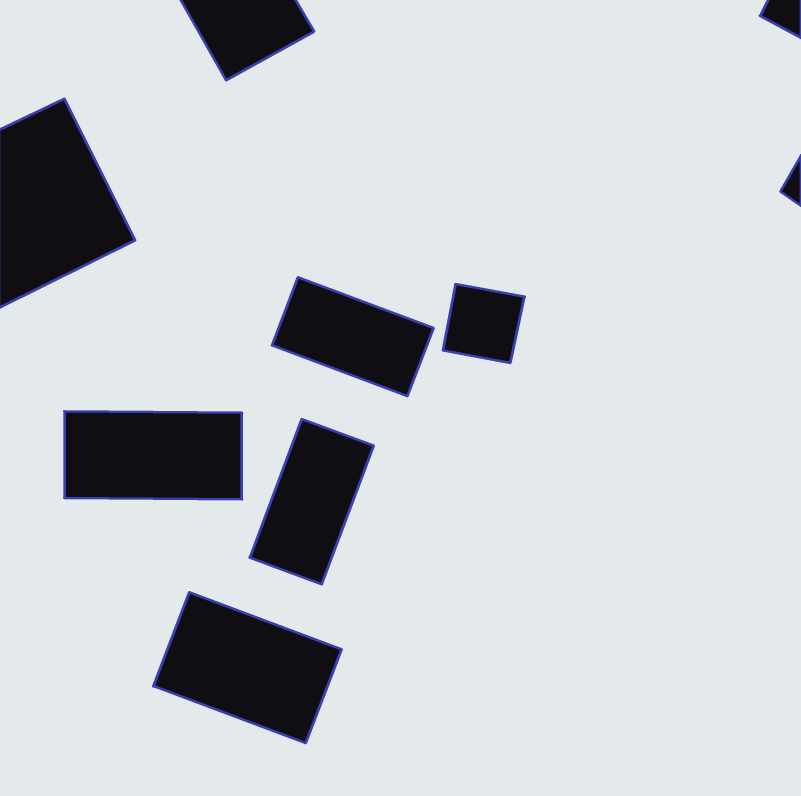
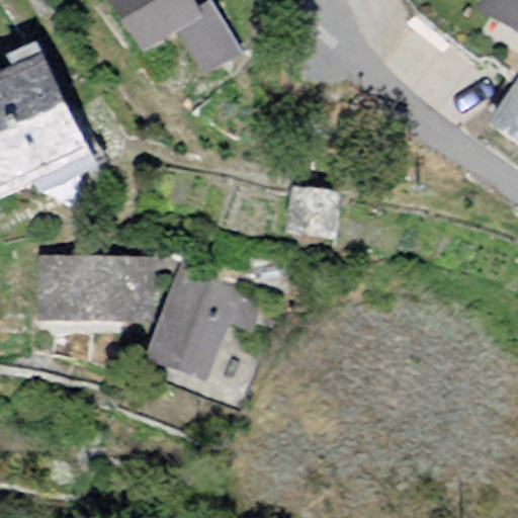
building: [272,277,433,396] -> none
building: [153,592,341,743] -> none

